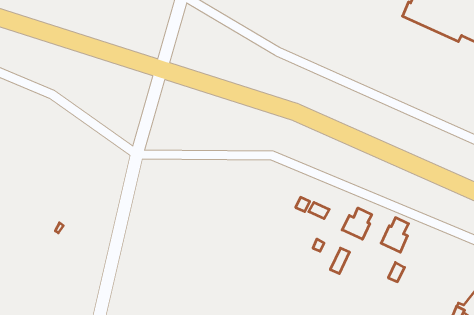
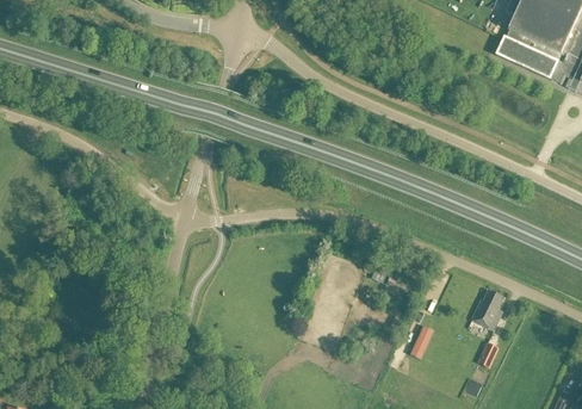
building: [342,208,372,239] -> none

